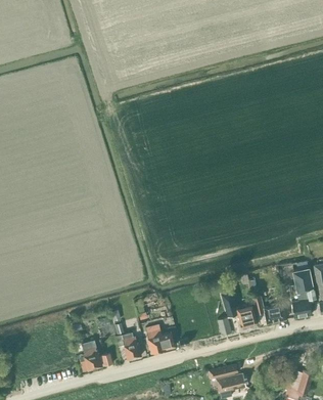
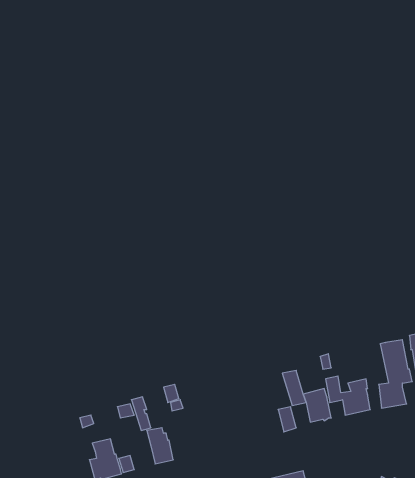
building: [145,322,176,352] -> none

